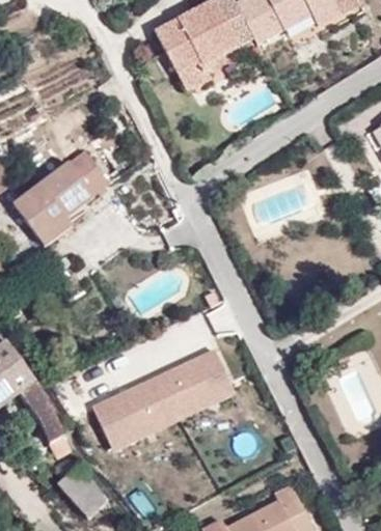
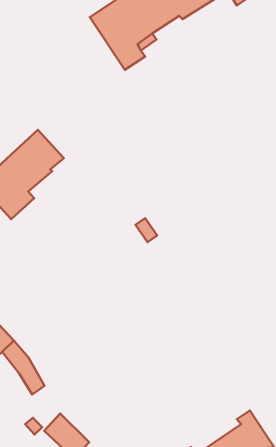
building: [91,352,240,454] -> none

